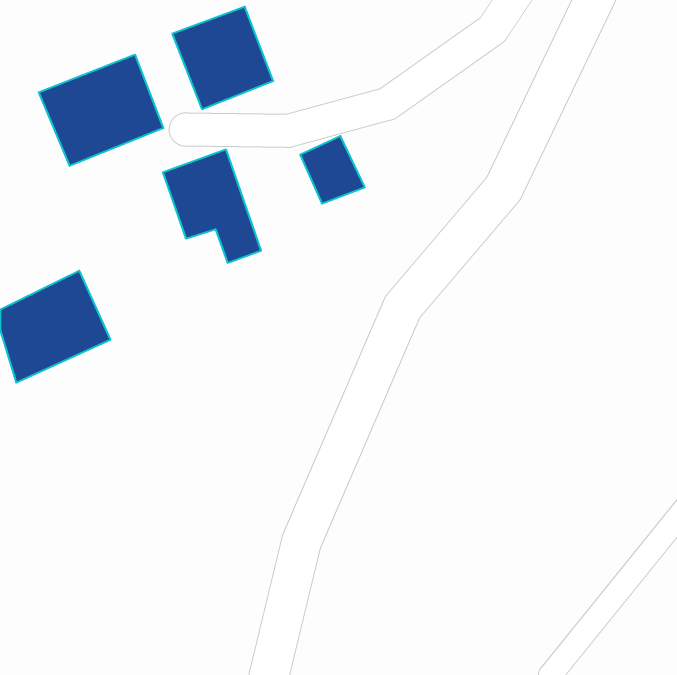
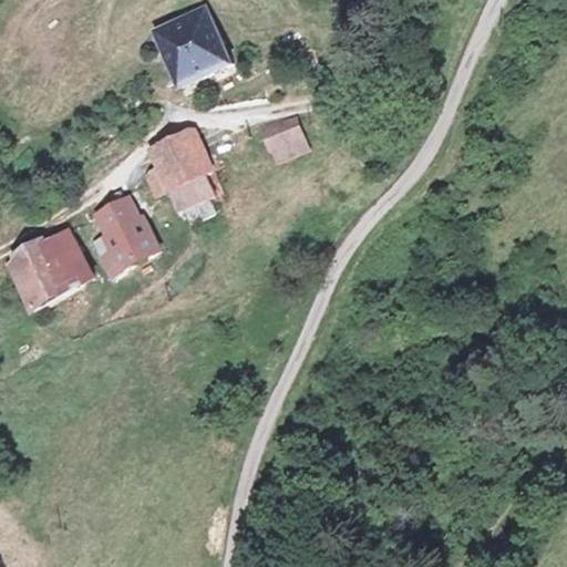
building: [39,55,163,166] -> none
building: none -> [87,190,159,269]

